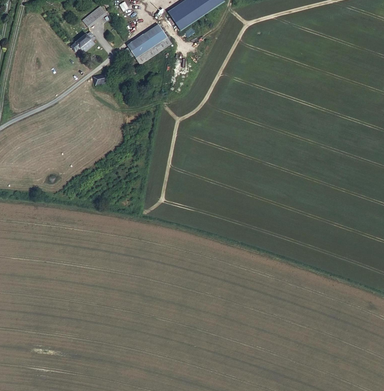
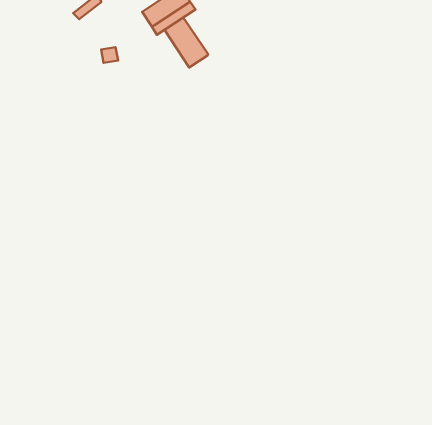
building: none -> [165,18,208,68]

